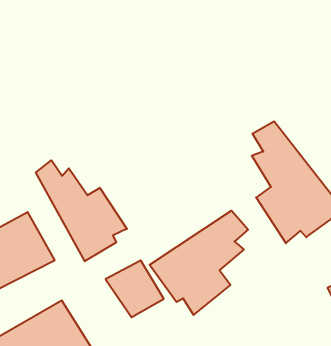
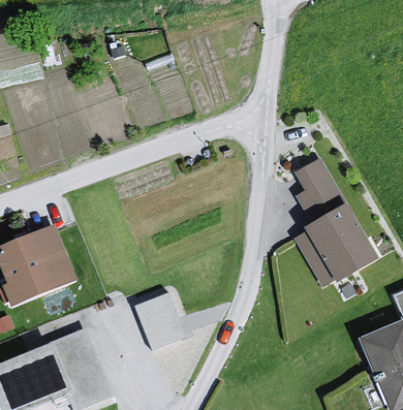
building: [36,160,127,261] -> none
building: [150,211,248,315] -> none

